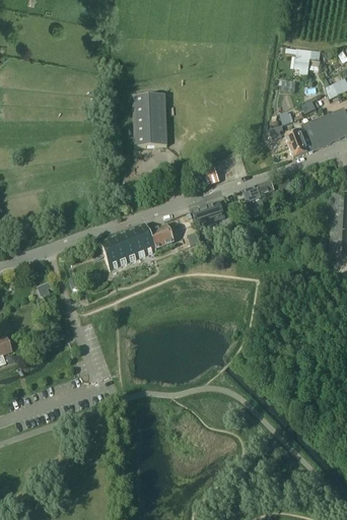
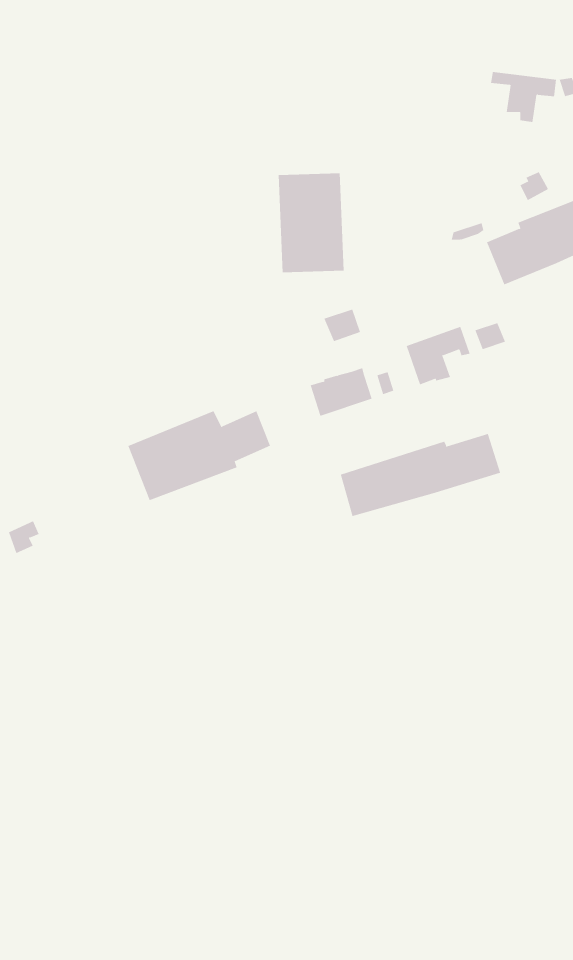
building: [132,93,166,145] -> [278,173,344,273]
building: none -> [340,433,501,517]

